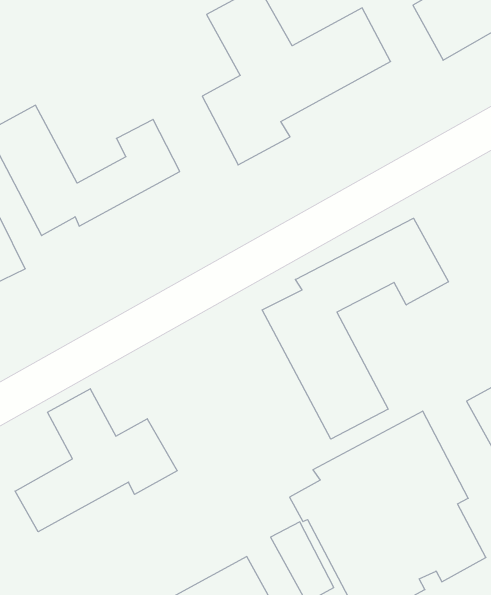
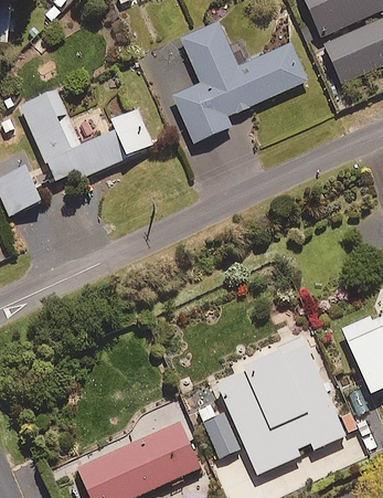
building: [262,218,448,439] -> none
building: [15,389,177,532] -> none

